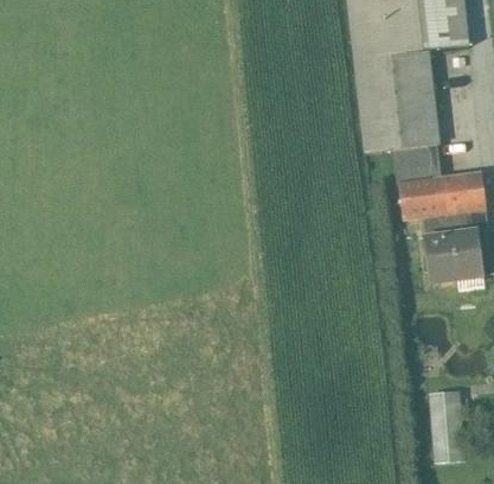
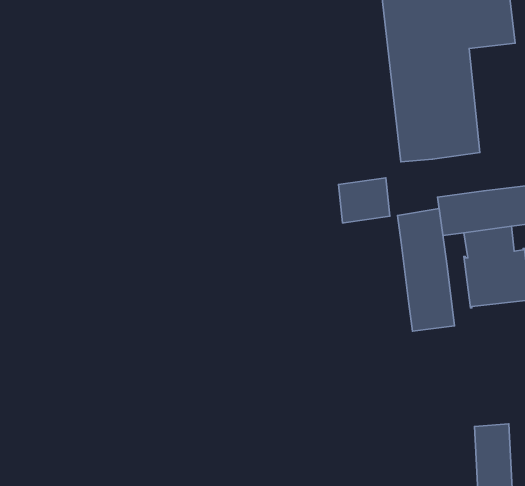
building: [394,142,441,183] -> [339,178,390,223]
building: none -> [398,209,455,331]

